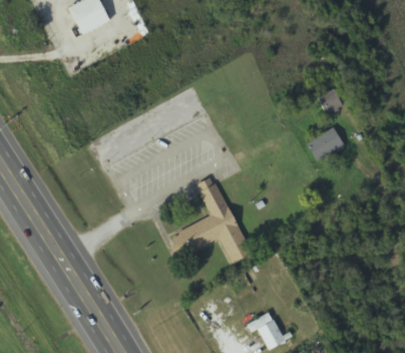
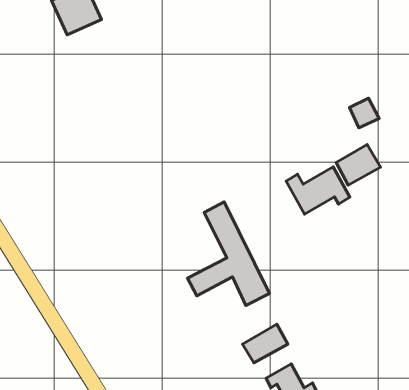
building: none -> [286,167,350,214]
building: none -> [242,324,288,363]

